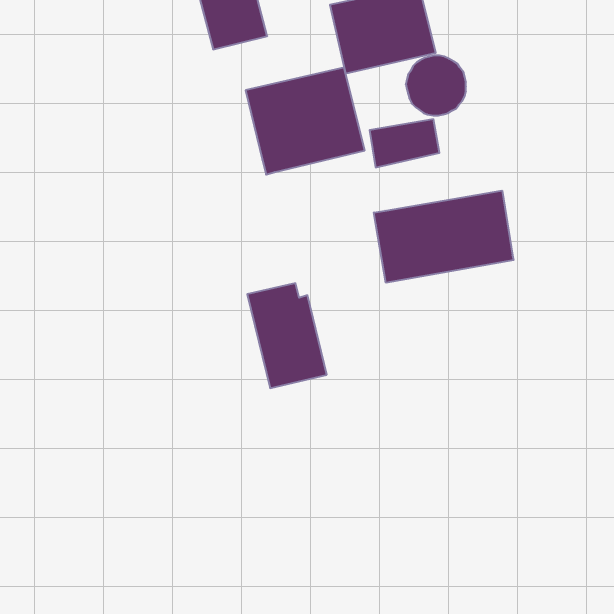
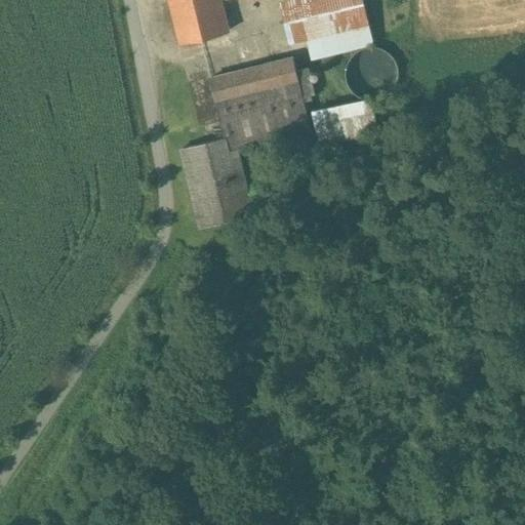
building: [374,191,514,283] -> none
building: [247,283,327,388] -> [183,136,250,226]

